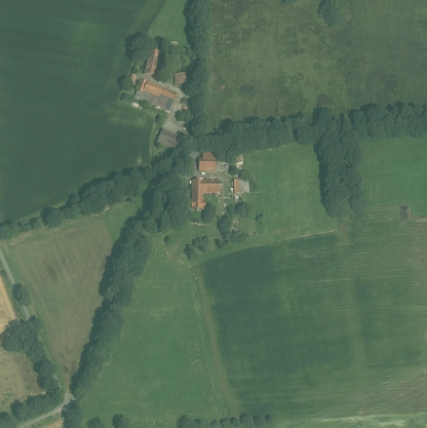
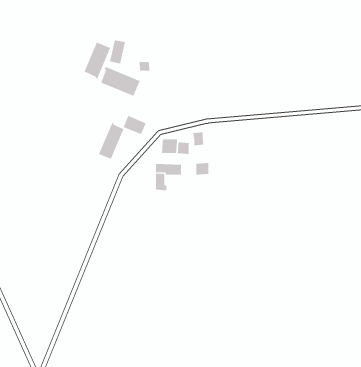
building: none -> [84,42,111,80]
building: none -> [98,122,124,160]

